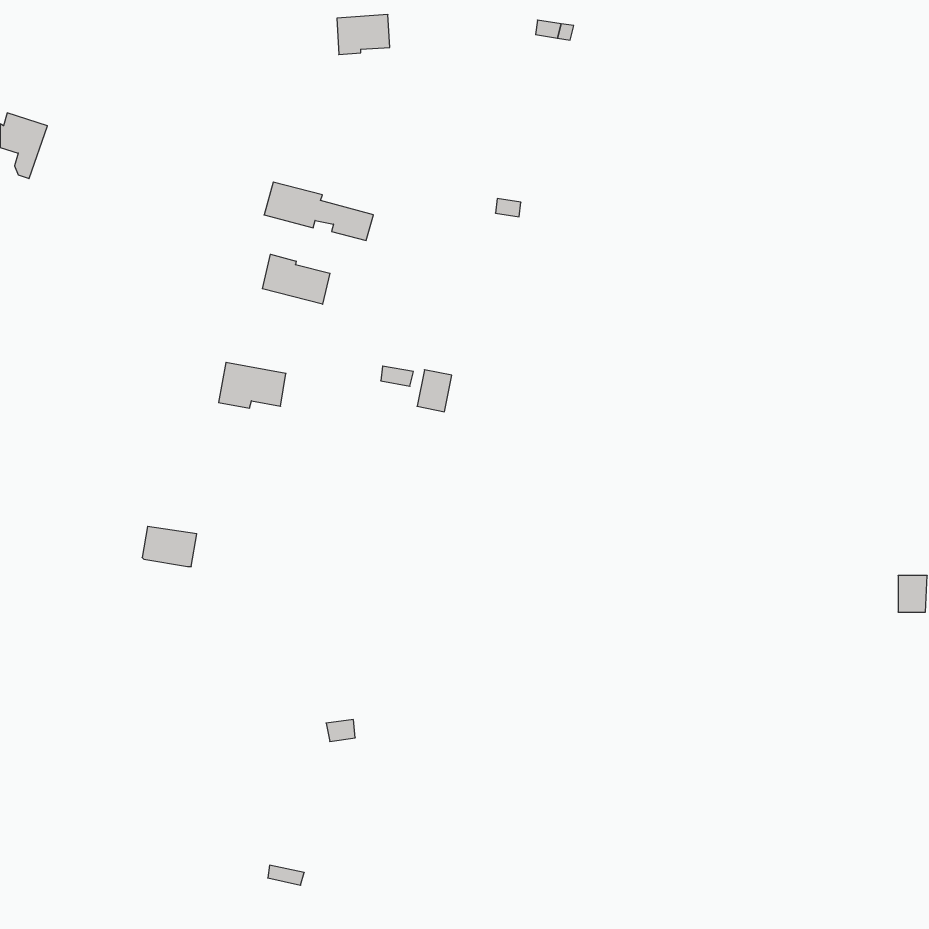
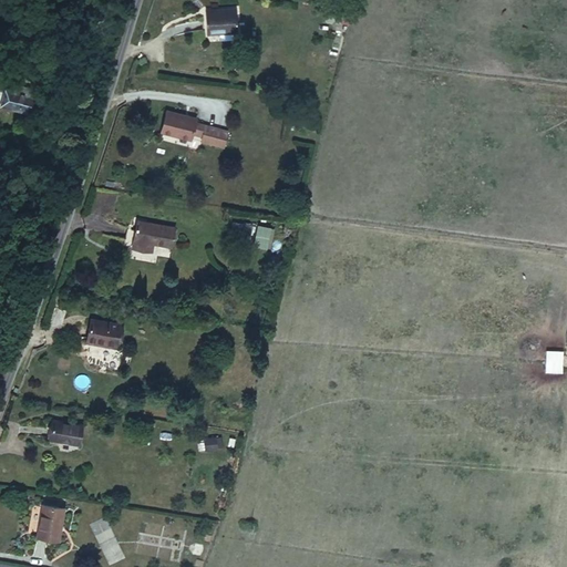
building: [262,254,330,304] -> none
building: none -> [51,421,83,444]
building: none -> [39,506,64,542]

